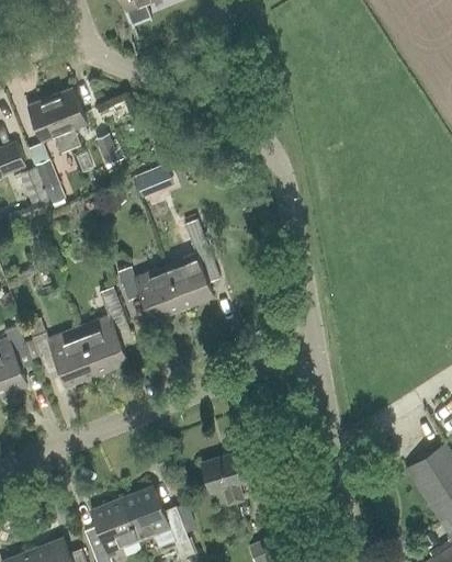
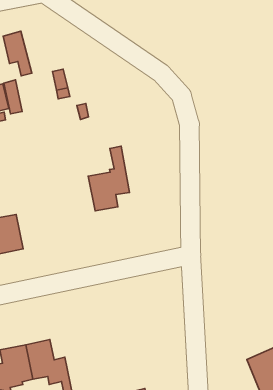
building: [47,85,84,146] -> none
building: [118,267,181,321] -> none
building: [80,286,134,374] -> none
building: [199,449,239,502] -> none

